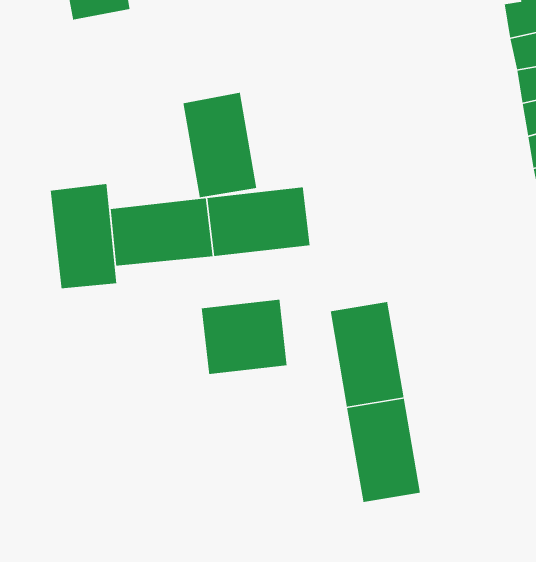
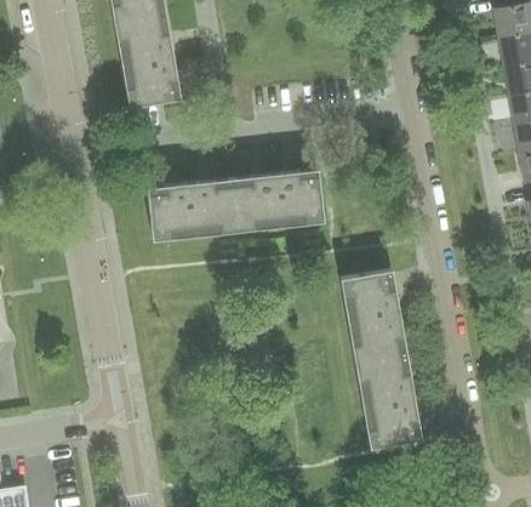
building: [182,92,257,198] -> [114,15,179,108]
building: [50,183,117,289] -> none
building: [201,299,288,375] -> none

